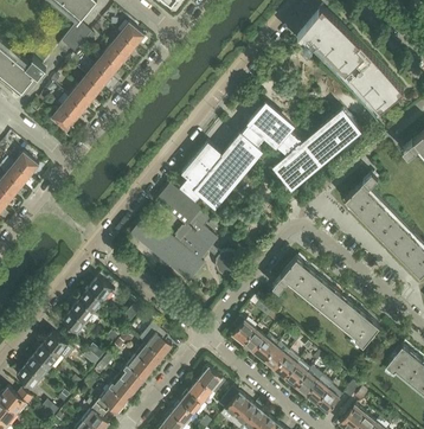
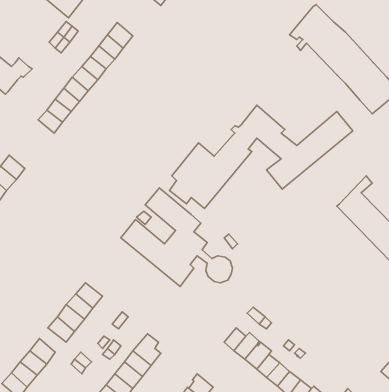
building: [271,257,380,347] -> none

